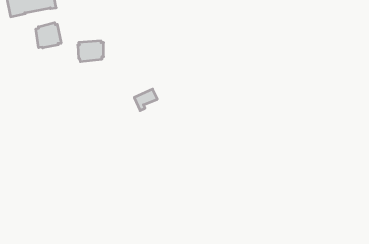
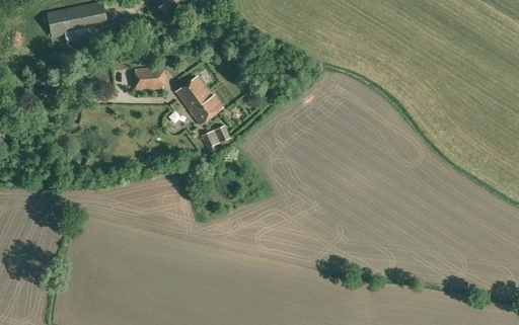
building: [36,23,61,48] -> none
building: none -> [175,76,222,125]

